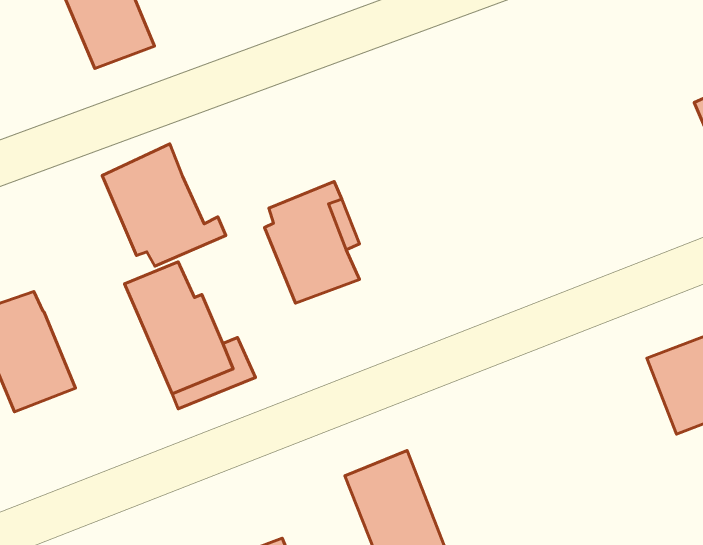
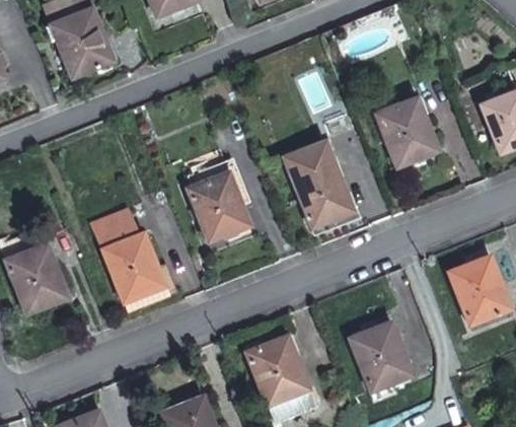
building: none -> [375,94,439,163]
building: [102,144,226,266] -> none
building: none -> [285,137,360,232]
building: none -> [346,323,410,392]

